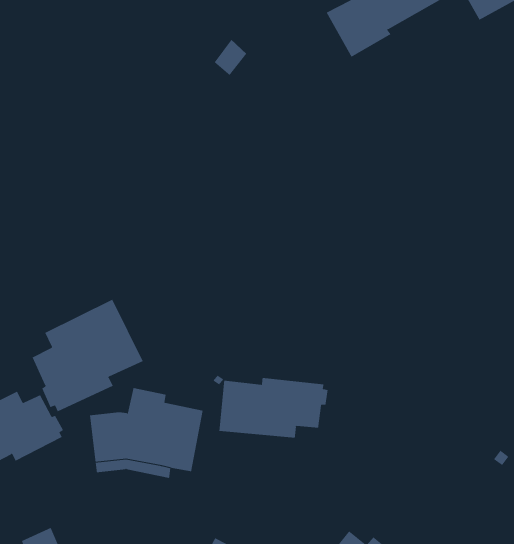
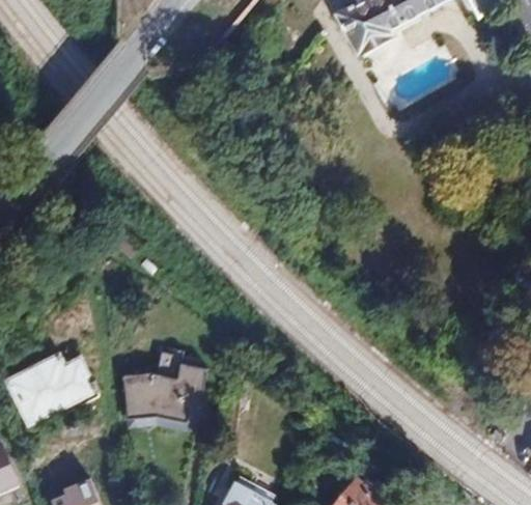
building: [32,299,143,412] -> none
building: [219,377,328,439] -> none

